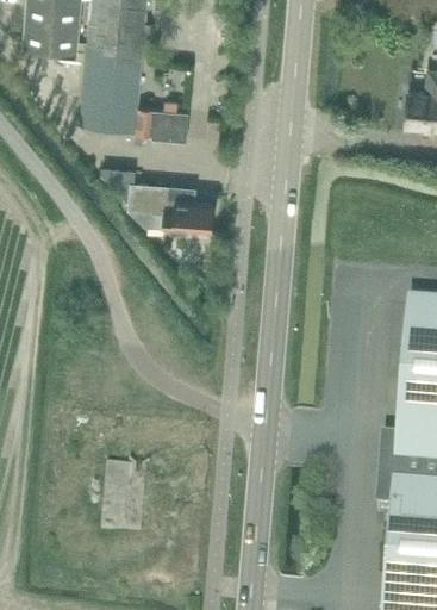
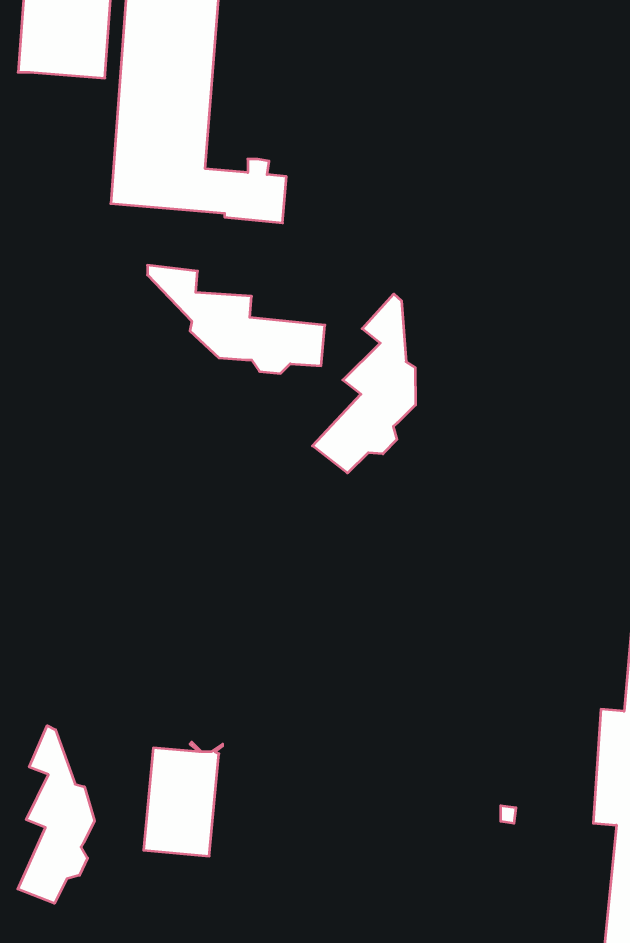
building: none -> [312,294,416,473]
building: none -> [18,726,94,903]

